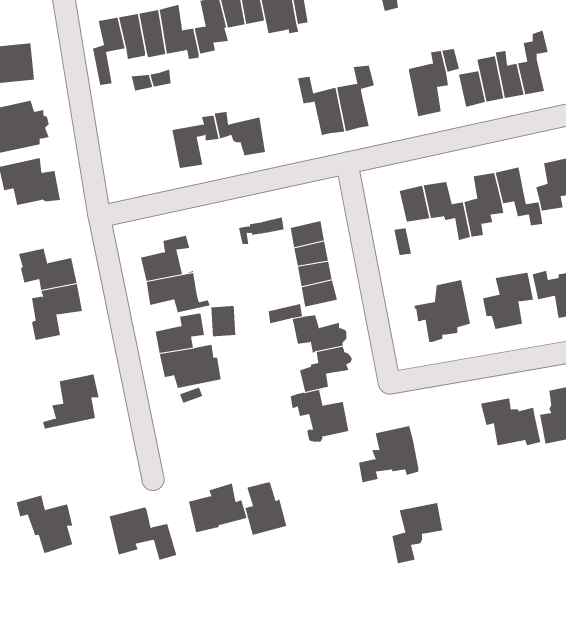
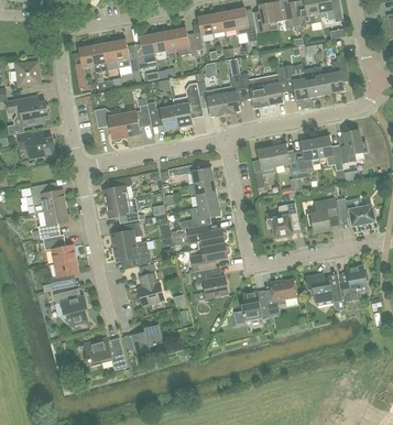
building: none -> [239,72,268,107]
building: none -> [172,81,201,126]
building: none -> [94,107,125,140]
building: none -> [43,237,75,262]
building: [245,482,287,536] -> [138,272,163,304]
building: [16,495,73,554] -> [53,290,87,325]
building: [392,503,443,564] -> [265,277,296,314]

